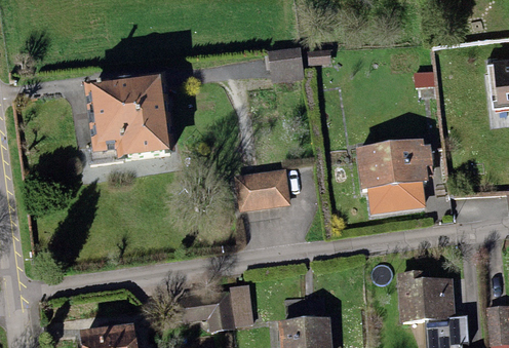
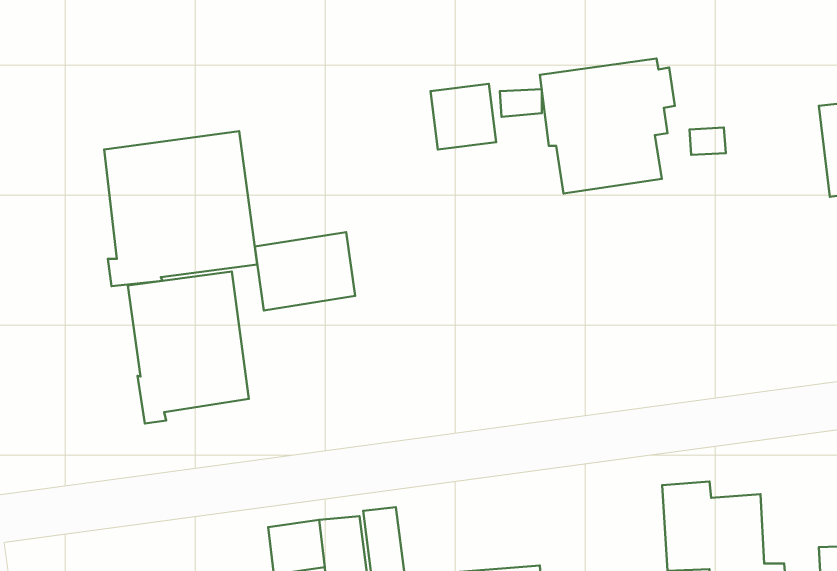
building: [357,139,433,215] -> [540,58,675,193]
building: none -> [128,272,249,424]
building: [234,168,290,212] -> [255,232,355,311]

